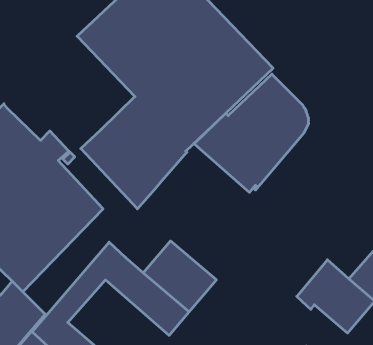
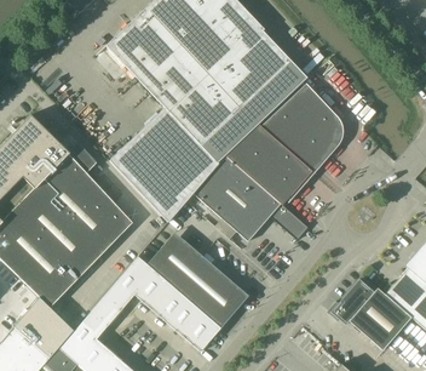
building: none -> [194,155,309,241]
building: none -> [156,239,202,287]

